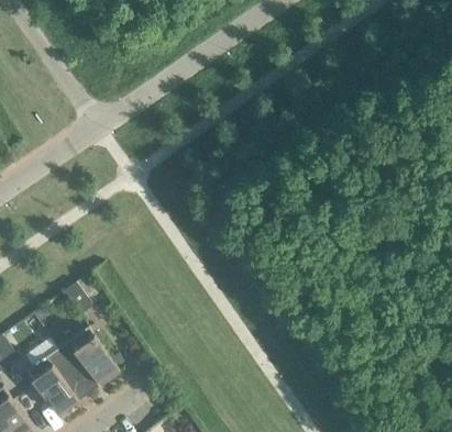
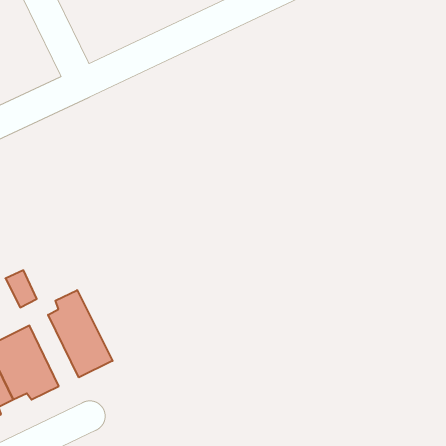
building: none -> [48,290,113,377]

